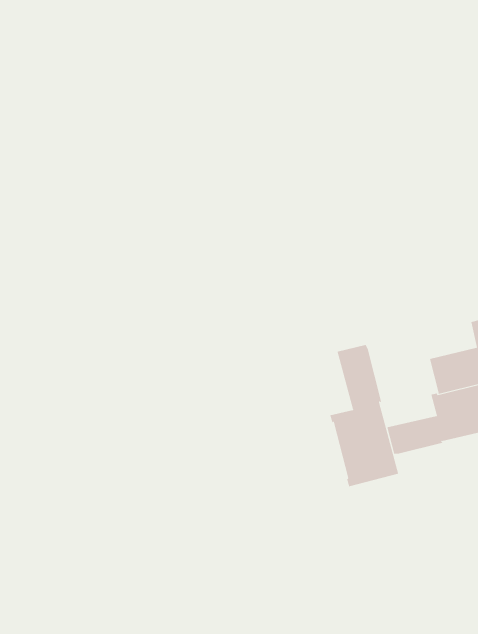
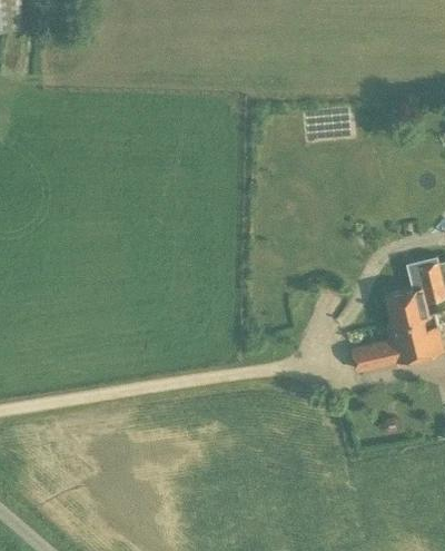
building: [330,344,399,487] -> none

